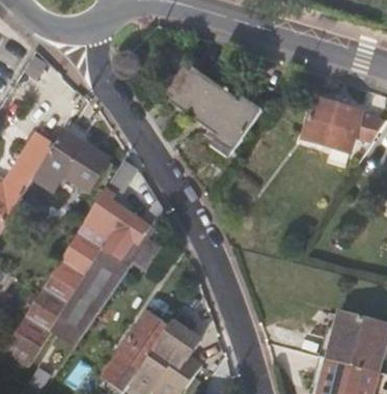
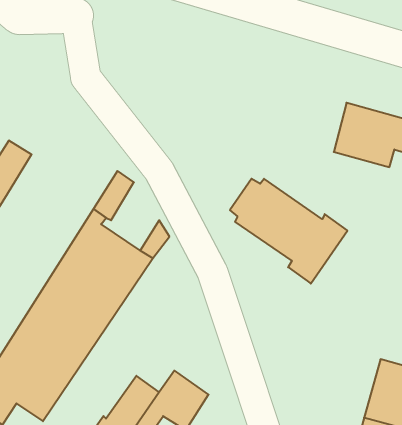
building: [164,69,260,156] -> [230,179,347,284]
building: [35,116,110,186] -> none

